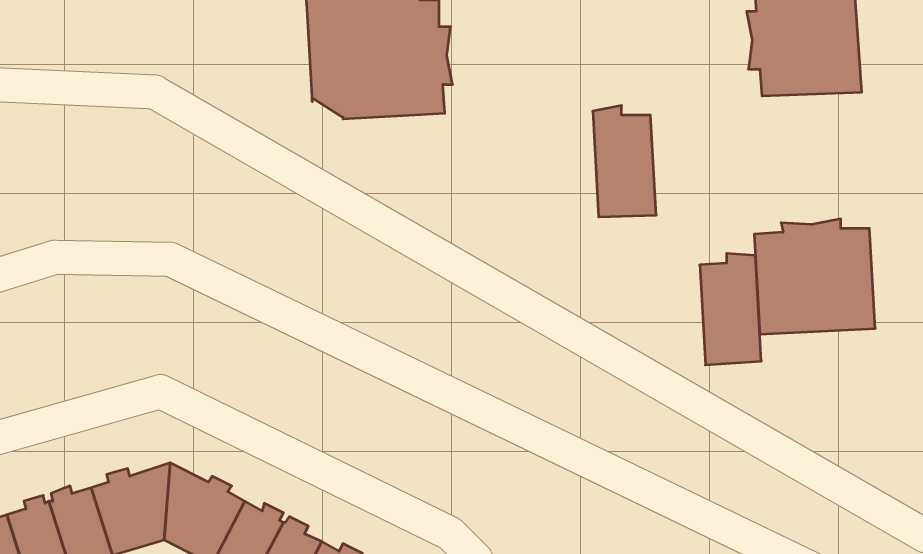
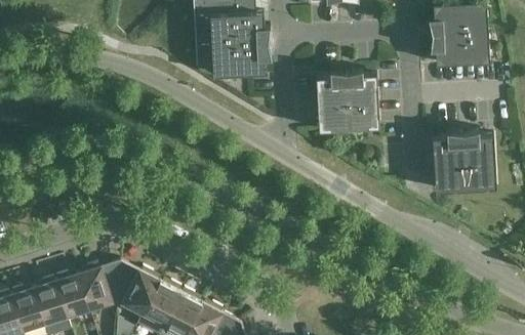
building: [700,253,761,365] -> [316,71,349,130]

